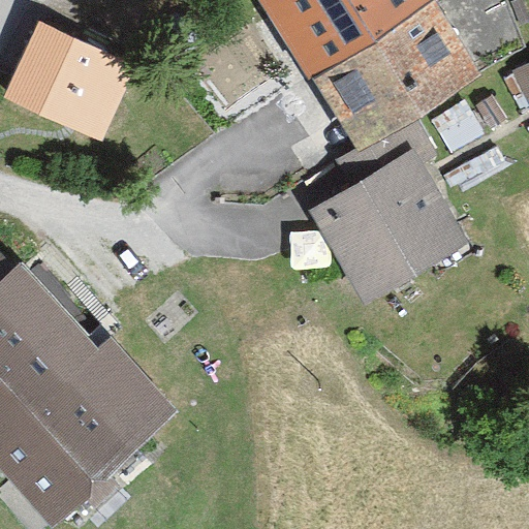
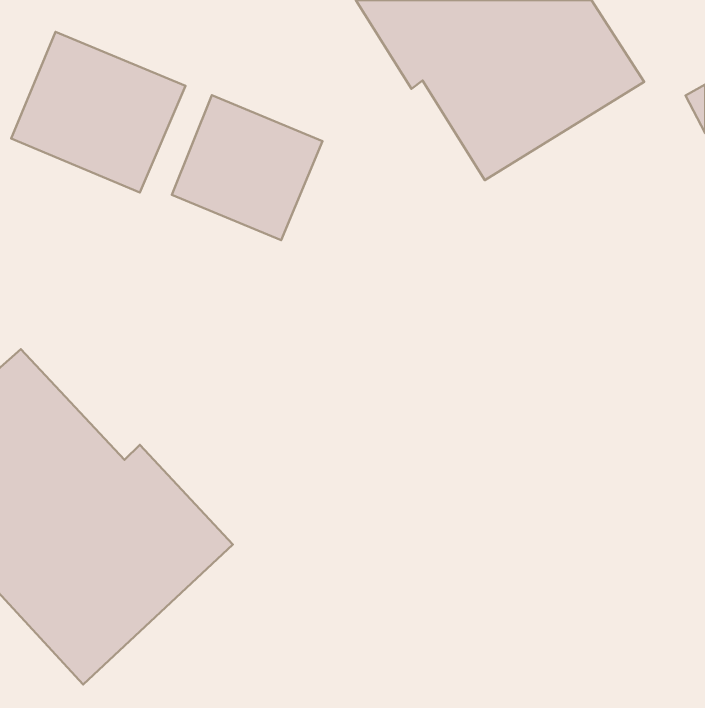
building: none -> [172,95,322,240]
building: [335,170,443,276] -> none

